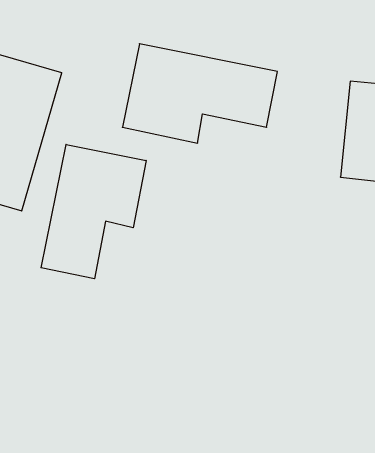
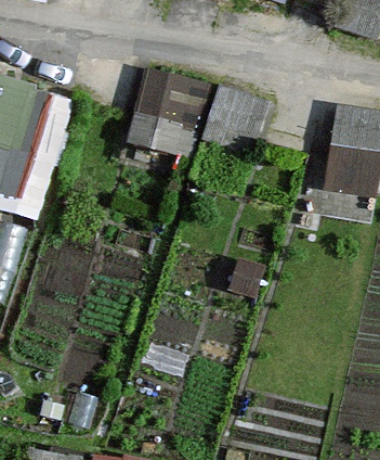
building: [41,144,146,279] -> none

